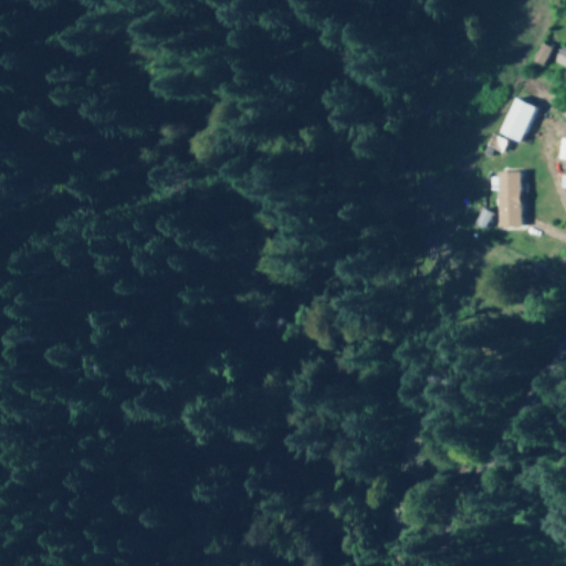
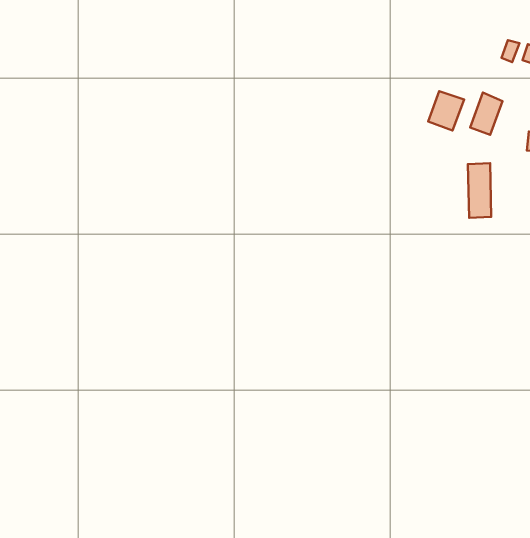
building: none -> [428,91,464,130]

